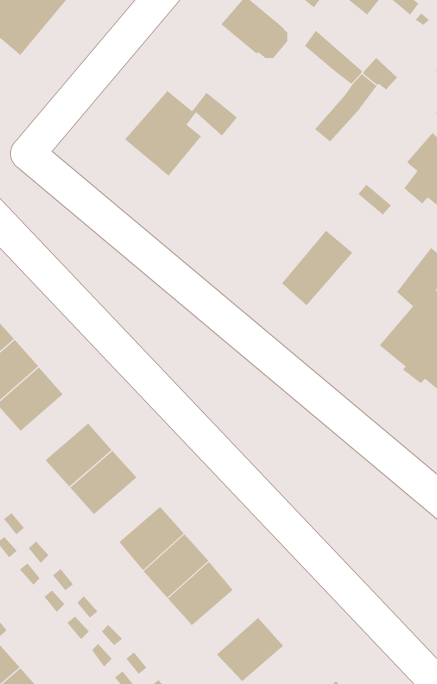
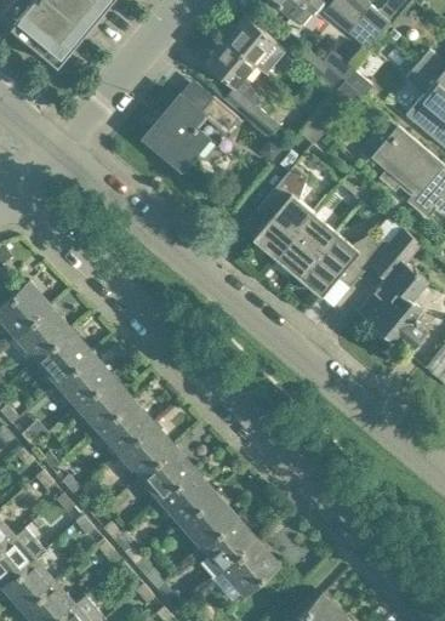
building: none -> [204,40,280,136]
building: none -> [252,165,313,258]
building: none -> [297,233,387,297]
building: none -> [56,352,113,408]
building: none -> [118,422,173,477]
building: none -> [200,517,256,571]

